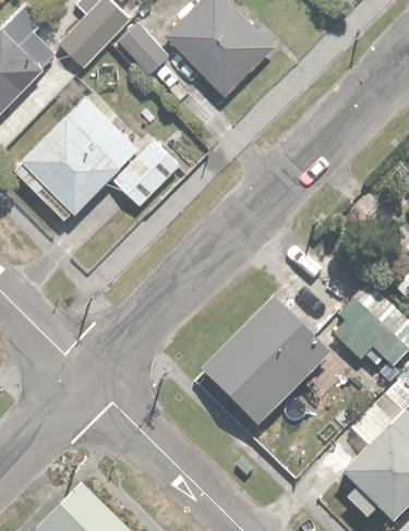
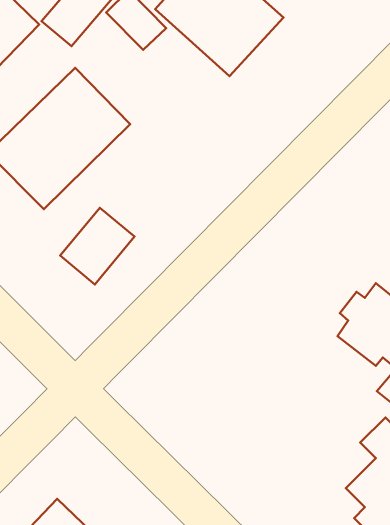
building: [118,137,185,207] -> [60,208,134,284]
building: [203,298,332,425] -> none

